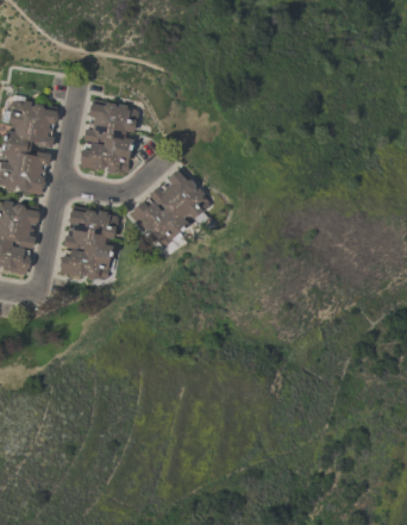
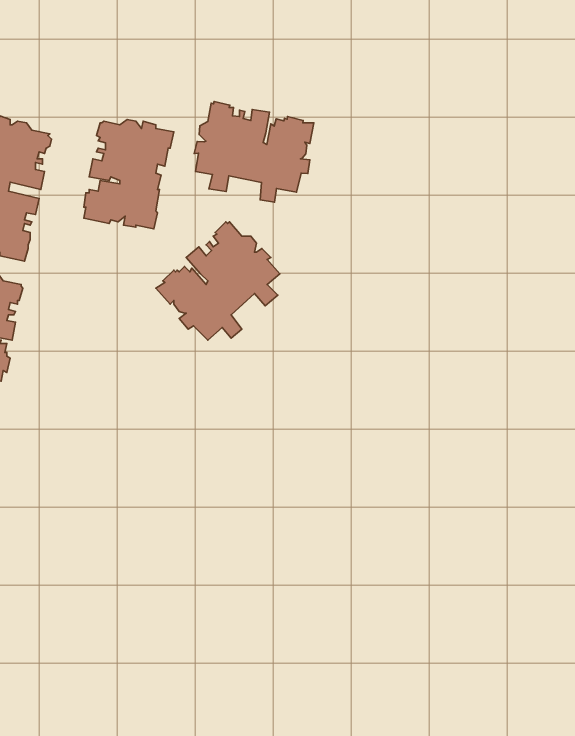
building: none -> [194,101,314,202]
building: [61,208,118,281] -> none

